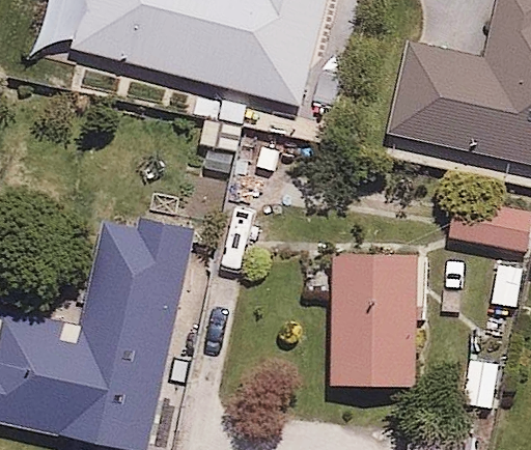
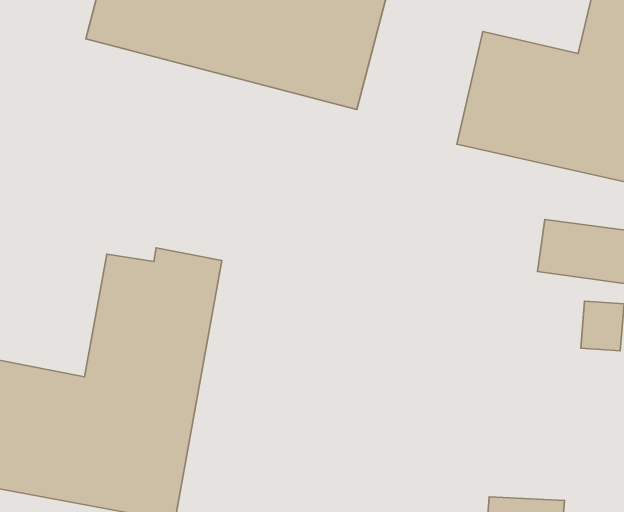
building: [299,252,426,389] -> none

